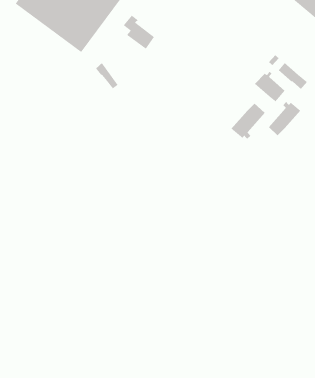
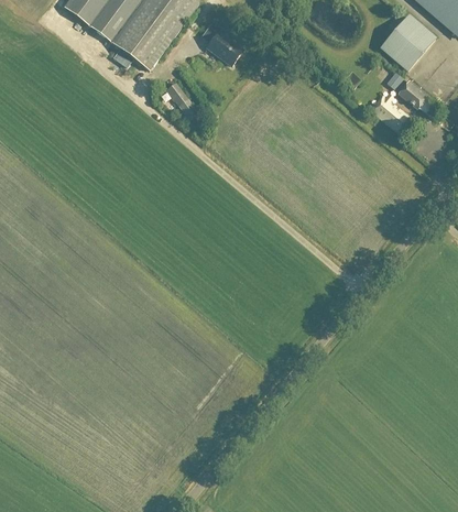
building: none -> [380,14,434,69]
building: [268,101,301,136] -> none
building: [231,103,266,140] -> none

